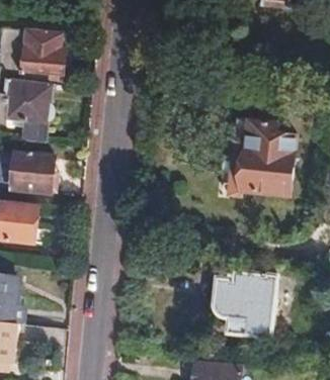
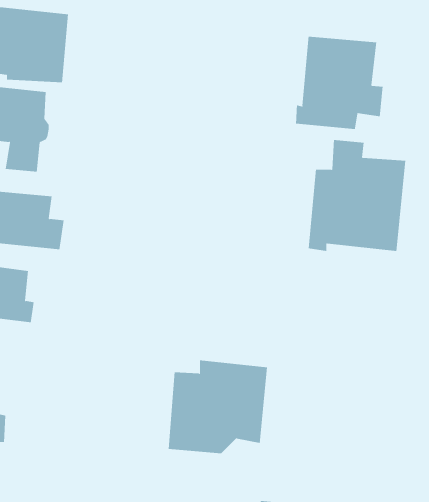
building: none -> [295,36,383,130]
building: [210,269,277,332] -> [168,360,268,454]

